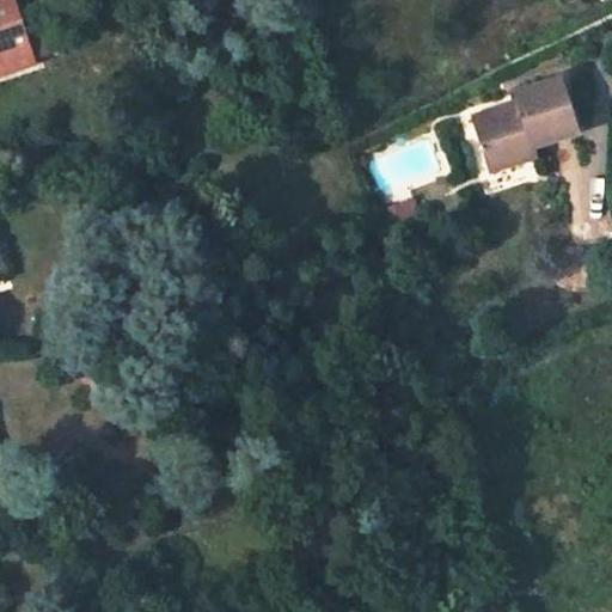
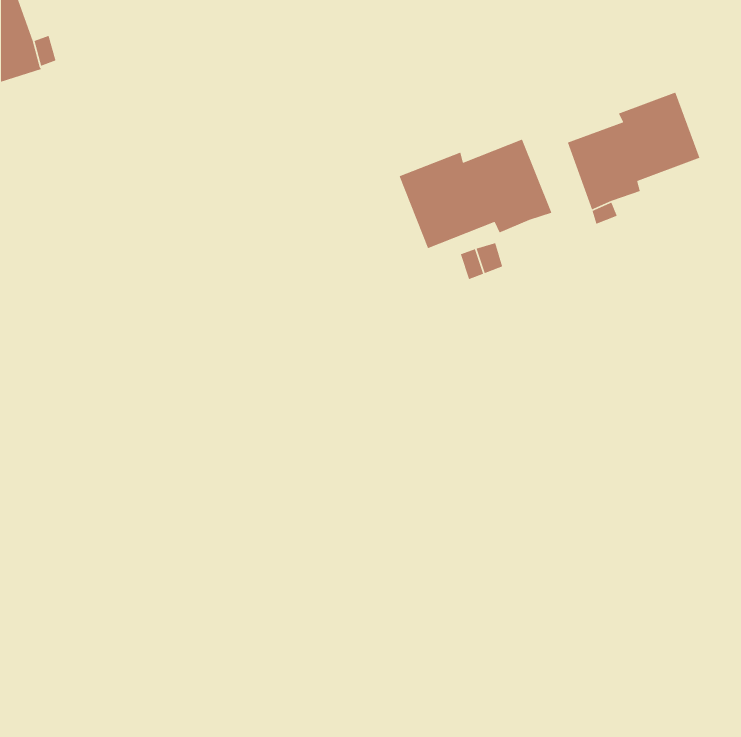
building: none -> [399,139,552,249]

